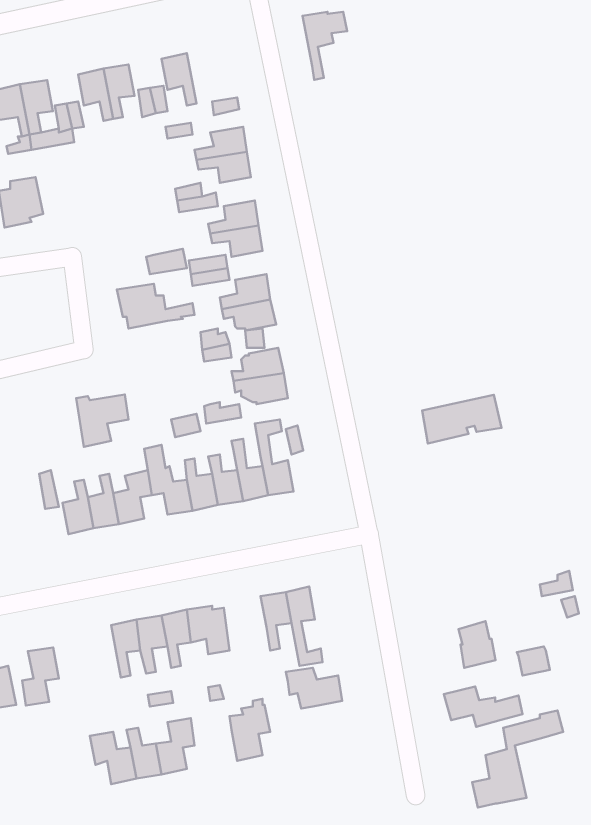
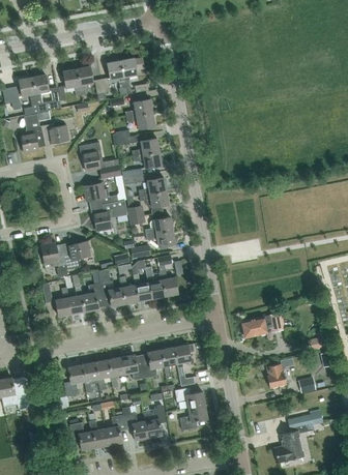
building: [302,12,347,80] -> [121,58,145,94]
building: none -> [40,123,69,146]
building: none -> [79,142,104,171]
building: none -> [90,201,127,232]
building: none -> [40,242,67,277]
building: [422,395,502,443] -> [242,313,285,338]
building: none -> [141,350,164,379]
building: [22,647,59,706] -> [64,365,84,396]
building: [444,686,522,727] -> none
building: none -> [179,406,207,431]
building: none -> [122,407,148,440]

